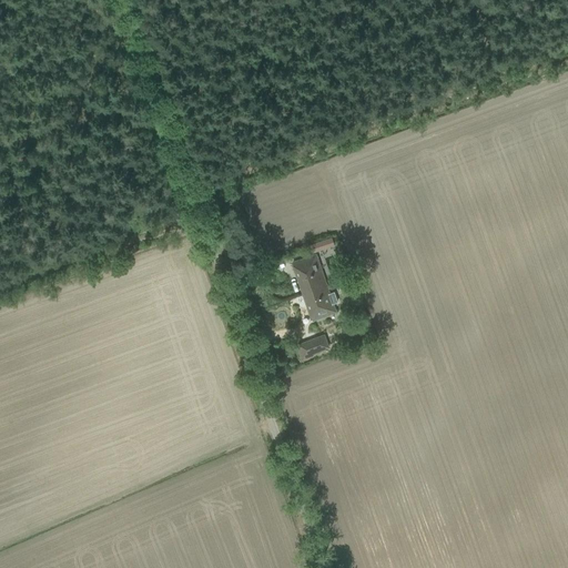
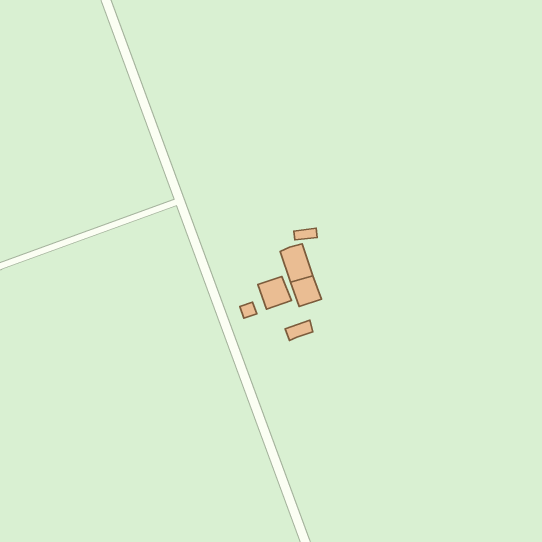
building: none -> [258,277,291,309]

